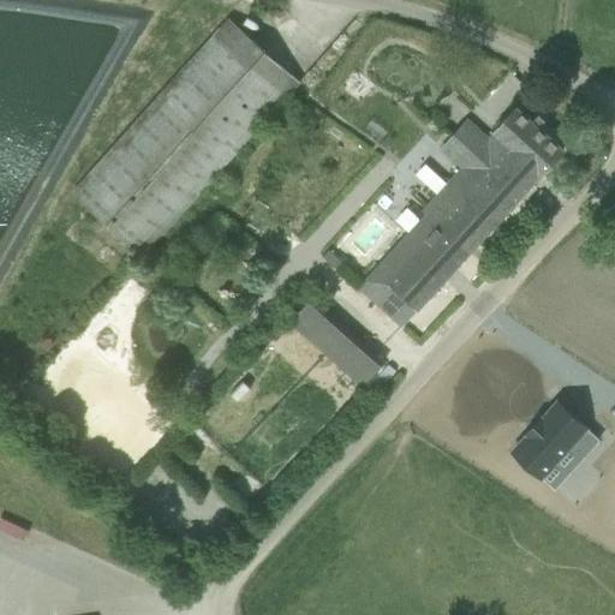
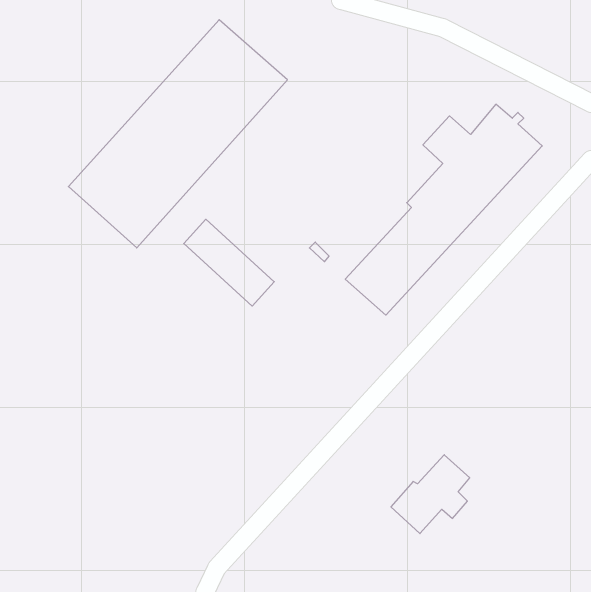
building: [289,298,383,388] -> [184,219,274,306]
building: [512,399,593,480] -> [391,455,470,534]

